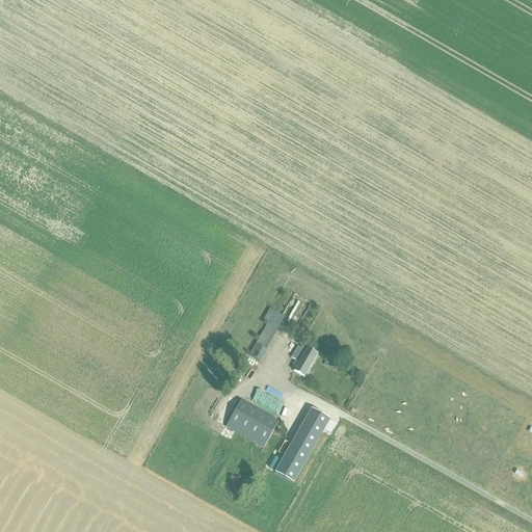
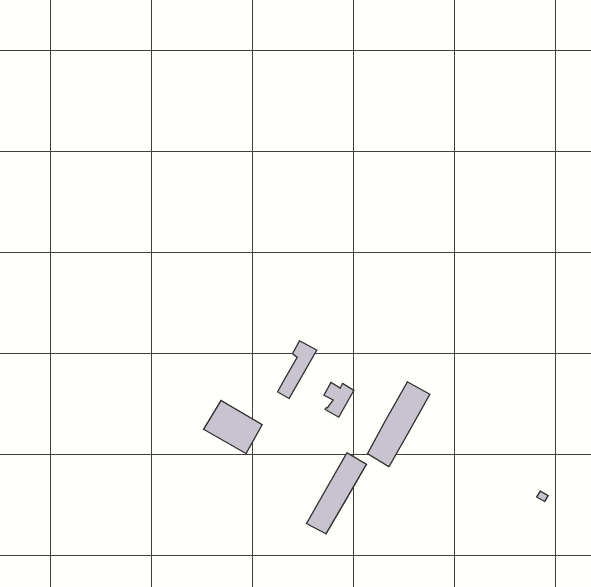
building: none -> [367,382,430,467]
building: [225,398,278,446] -> [203,400,262,454]

